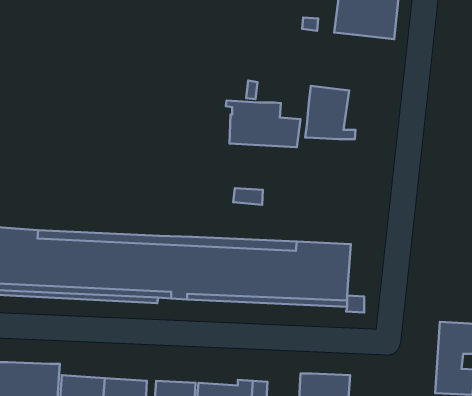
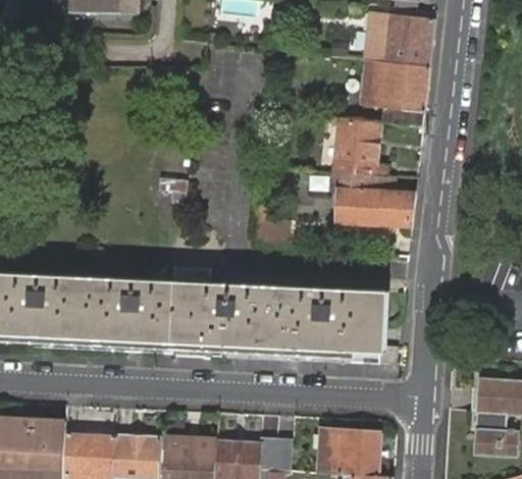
building: none -> [359,59,429,127]
building: [226,100,301,147] -> [333,173,415,224]

